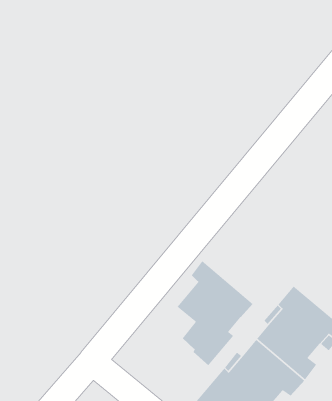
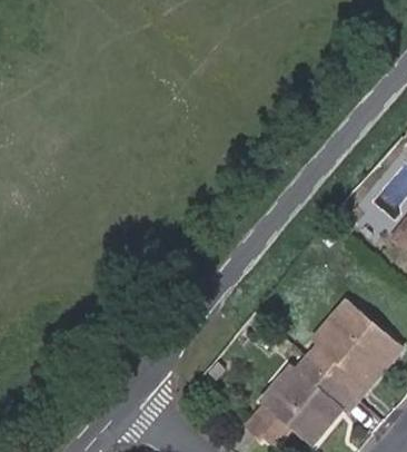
building: [177,260,254,366] -> none

